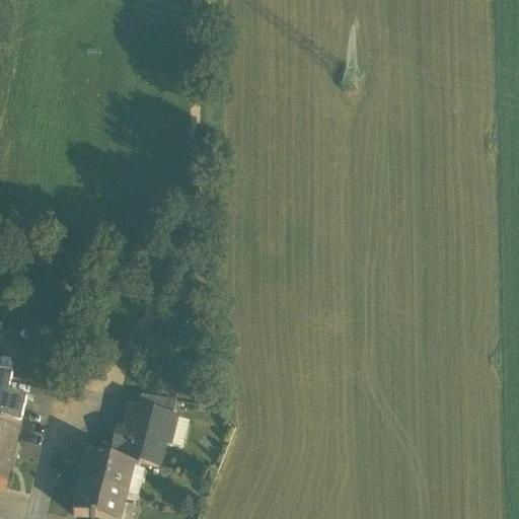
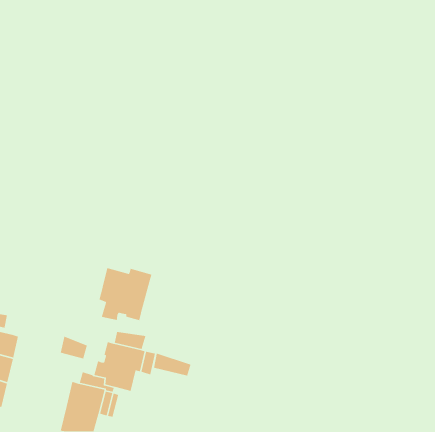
building: none -> [99,267,152,321]
building: none -> [60,335,88,359]
building: none -> [153,352,191,377]

